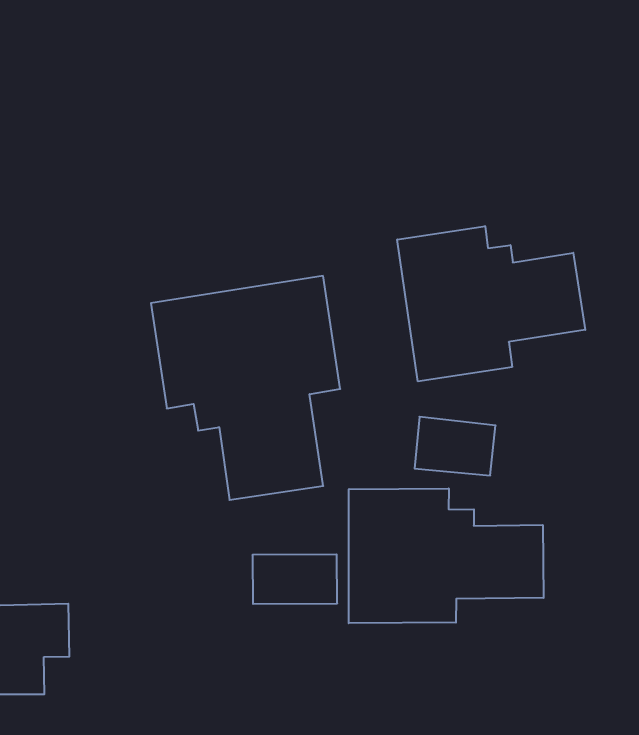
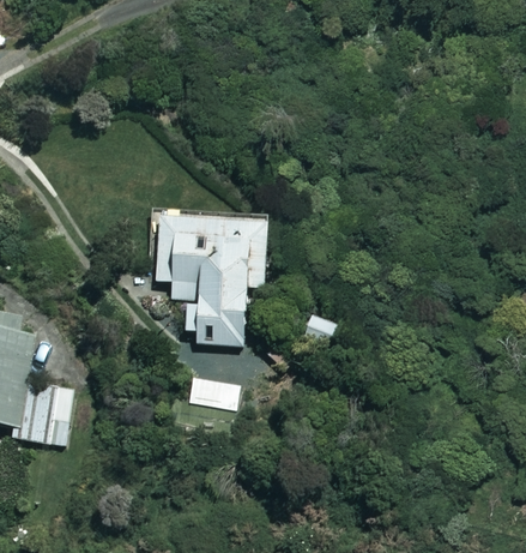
building: [397,226,585,381] -> none
building: [349,488,544,623] -> none

